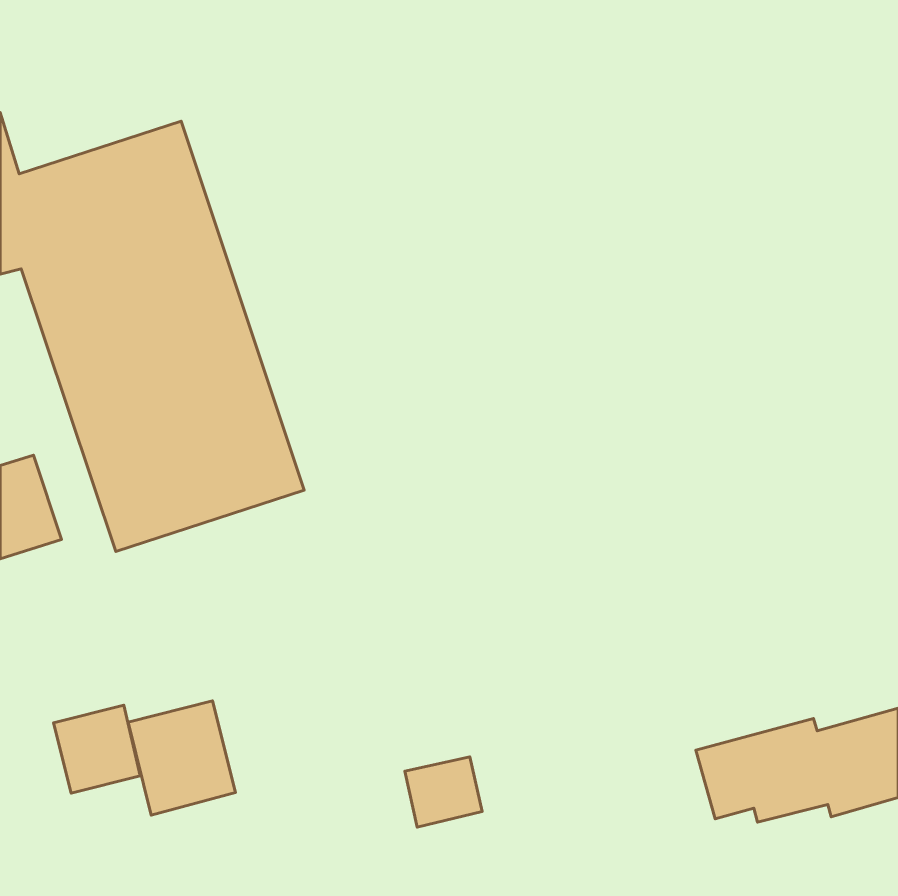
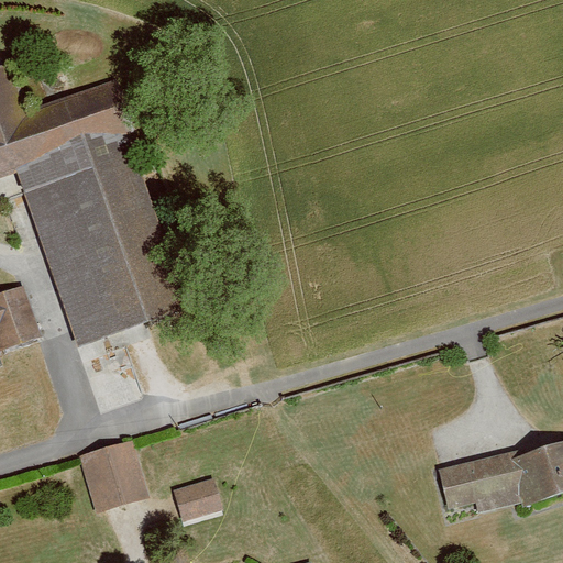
building: [54,705,140,793] -> none
building: [405,757,482,827] -> [174,477,222,521]

